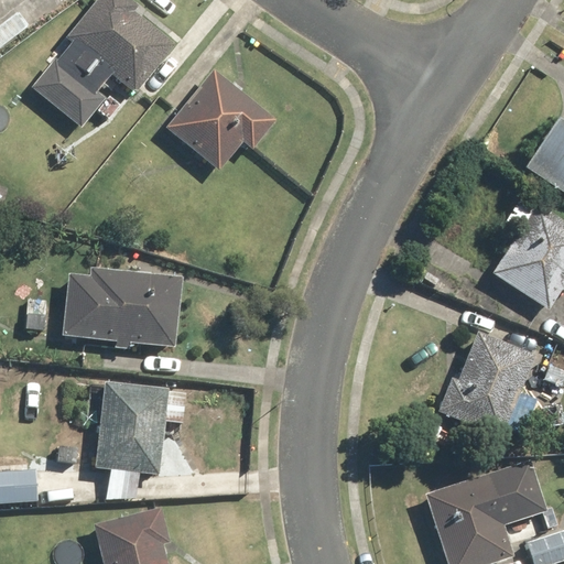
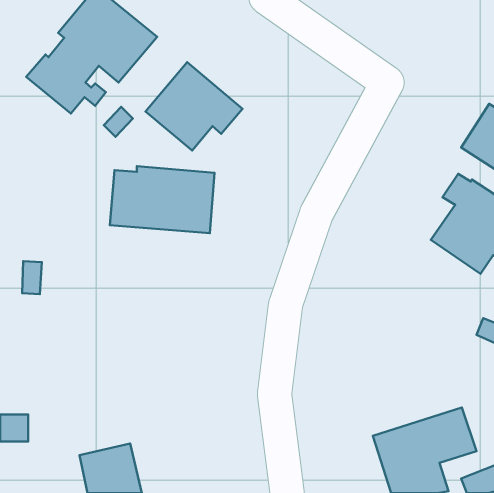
building: [64,271,183,347] -> [110,166,215,233]
building: [440,334,533,432] -> none
building: [96,381,186,499] -> none

